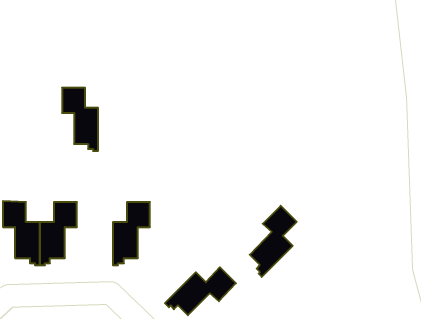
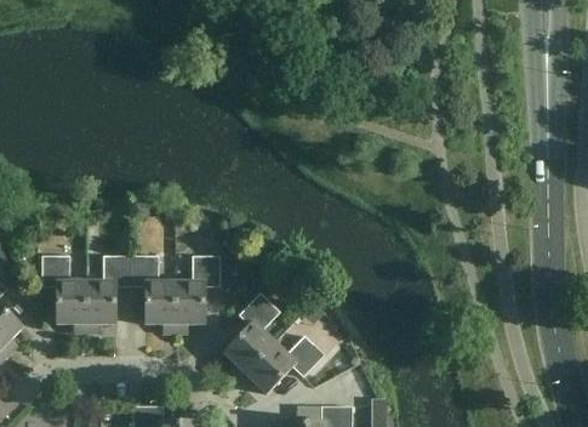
building: [62,88,98,151] -> [131,256,175,332]
building: [250,206,297,277] -> [223,292,280,378]

